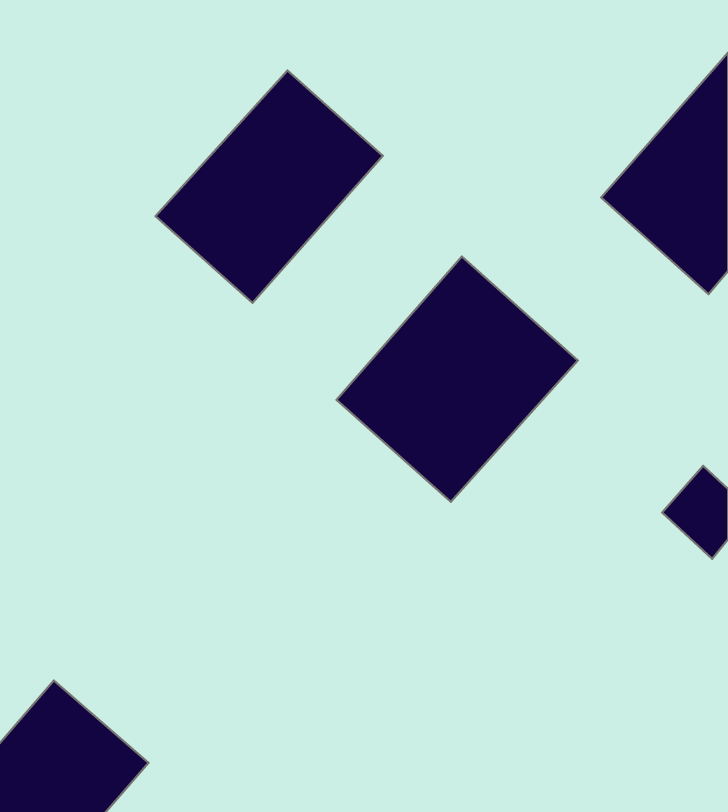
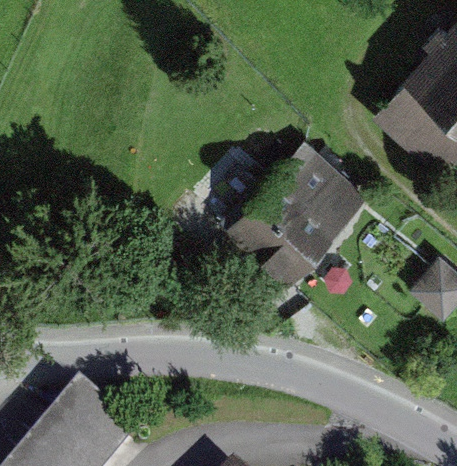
building: [155,70,383,303] -> none

